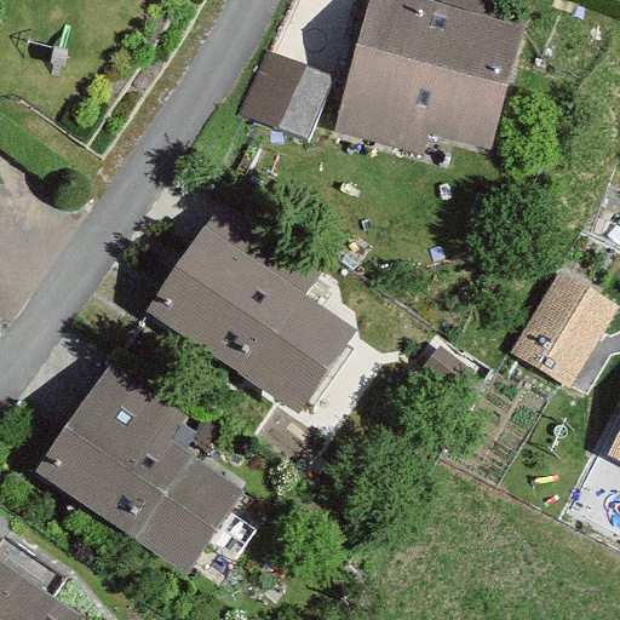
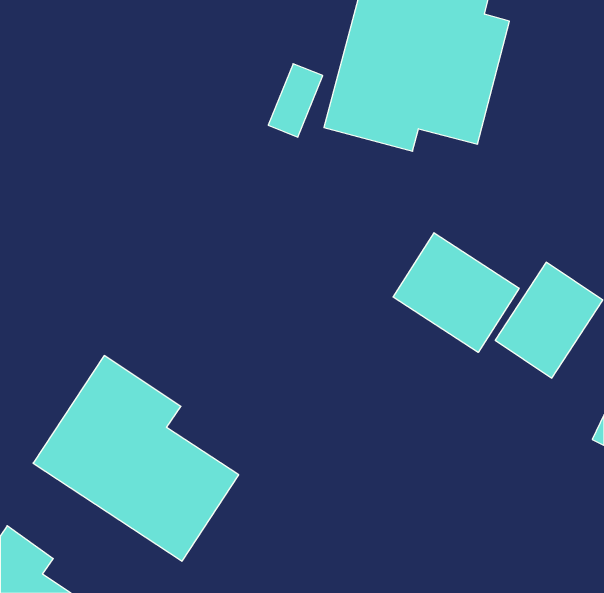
building: [148,203,358,414] -> none
building: none -> [393,233,519,352]

